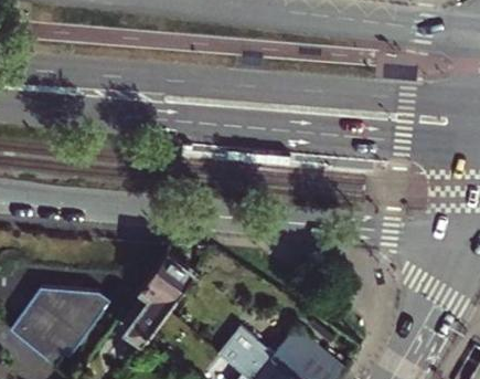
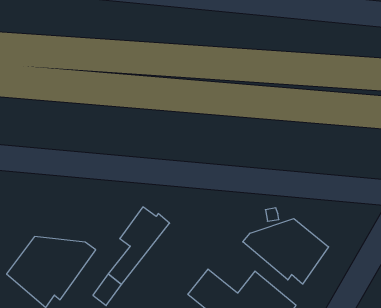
building: none -> [243,219,329,284]

